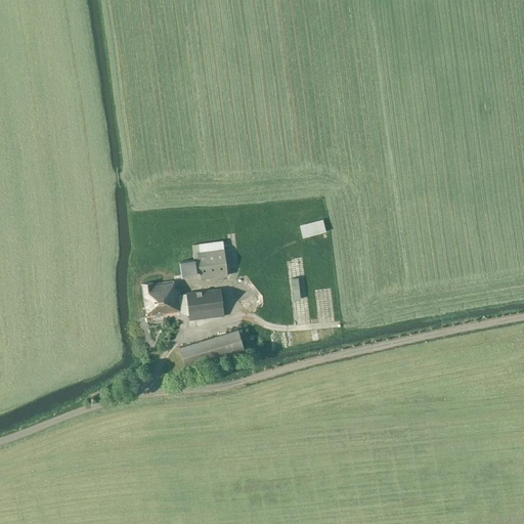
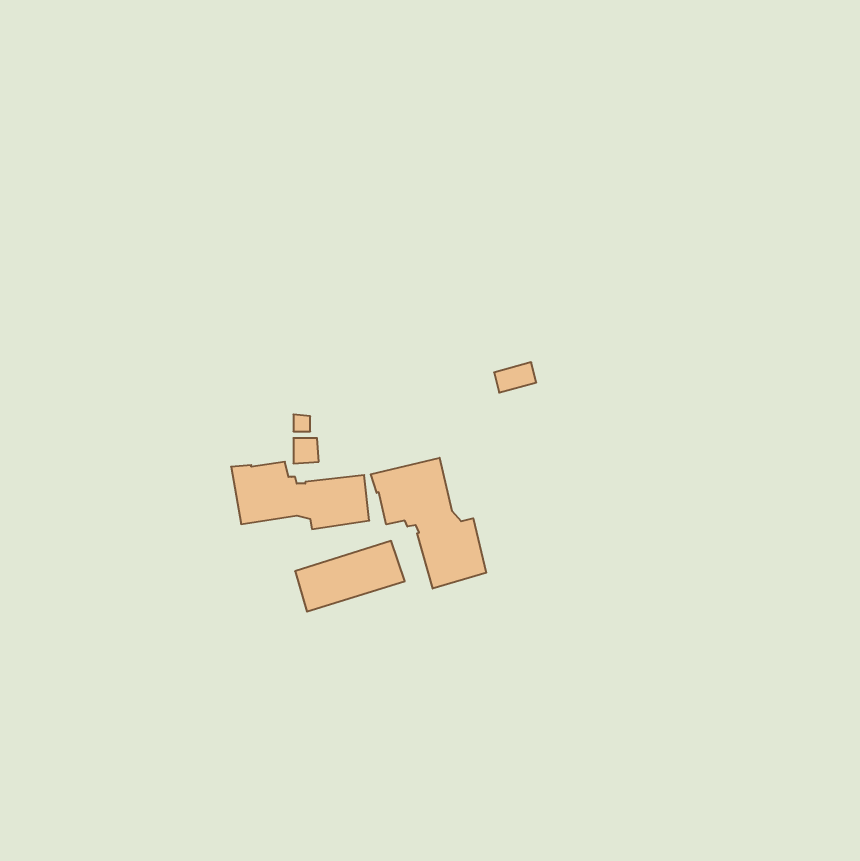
building: [193,241,228,278] -> none
building: none -> [371,458,486,589]

